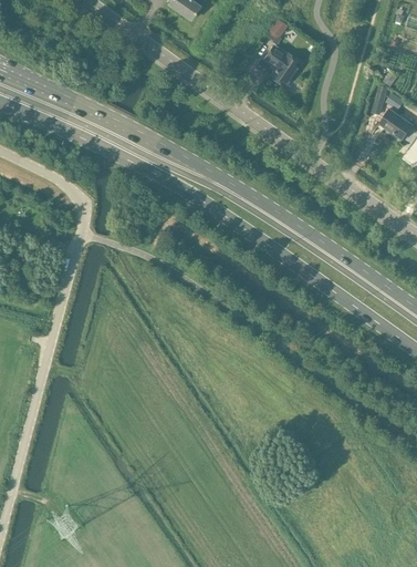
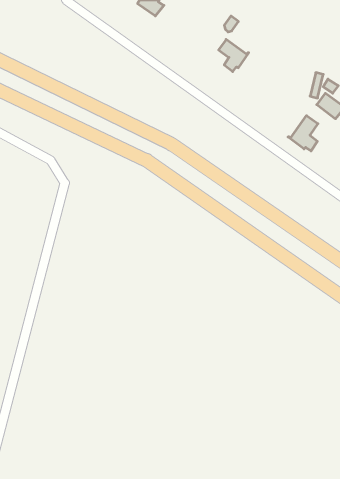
building: none -> [288,116,318,151]

